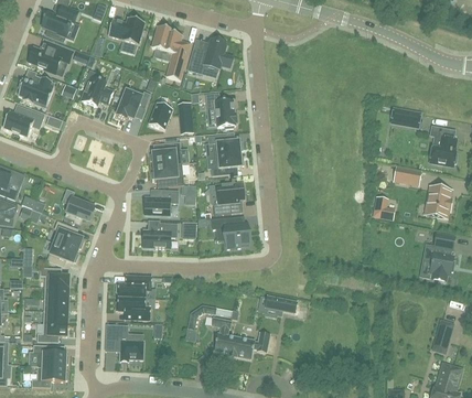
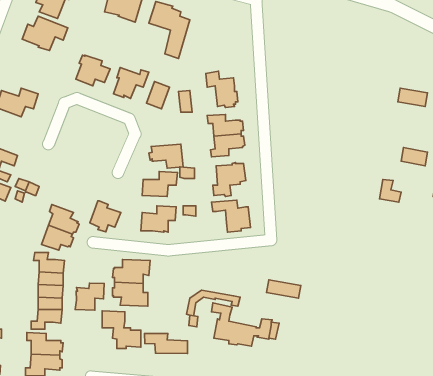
building: [186,40,230,73] -> none
building: [17,74,53,105] -> none
building: [149,140,181,164] -> none
building: [64,194,94,224] -> [90,201,121,232]
building: none -> [75,283,104,310]
building: none -> [144,334,188,353]

